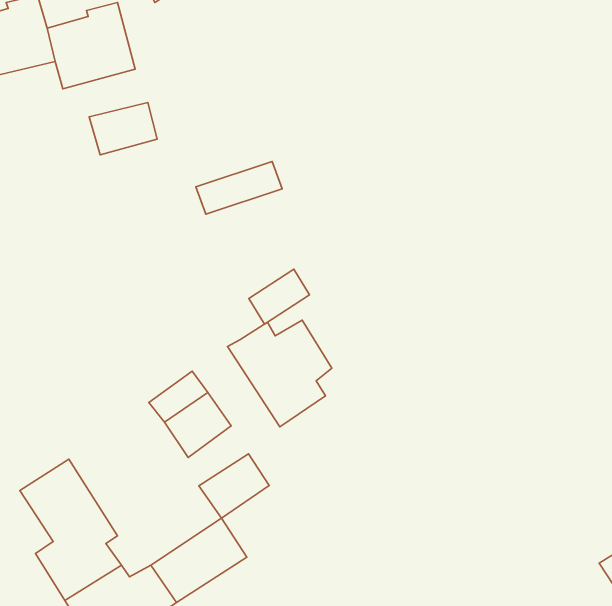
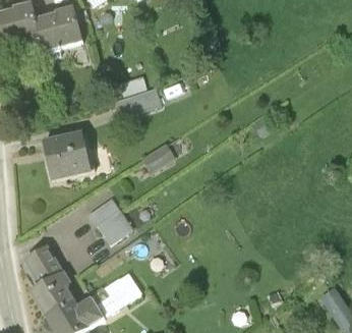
building: [89,102,157,155] -> none
building: none -> [42,131,89,177]
building: [228,320,332,427] -> none
building: [199,454,269,518] -> none

